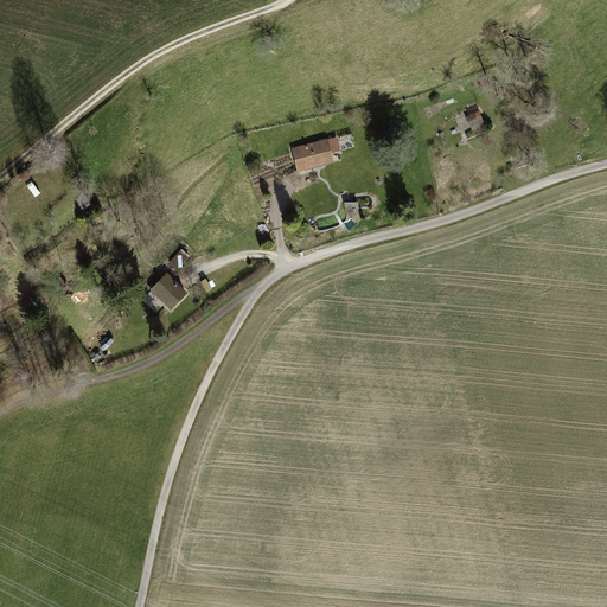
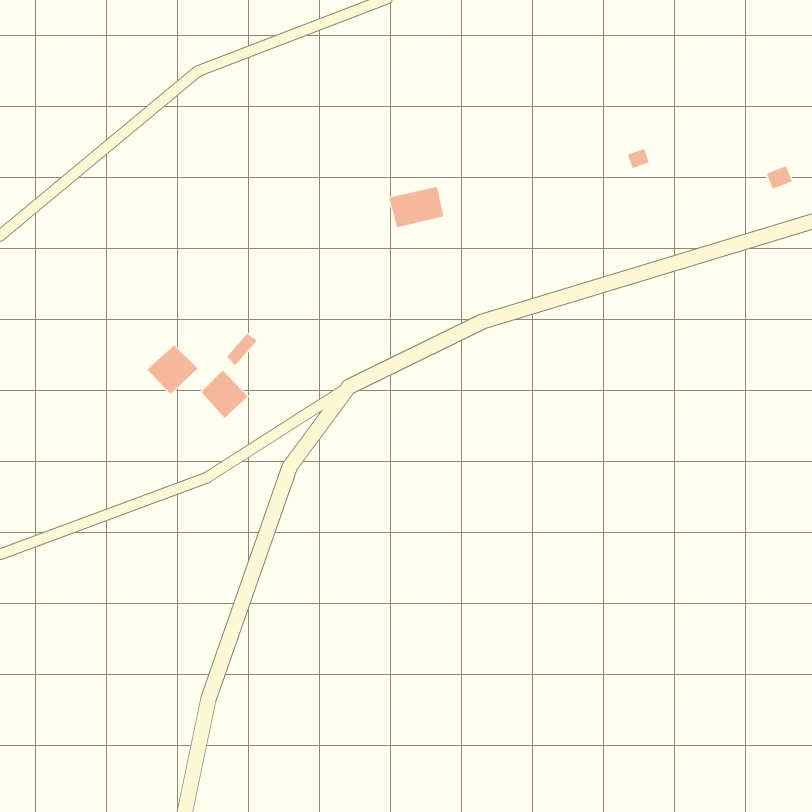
building: none -> [146,345,198,395]

